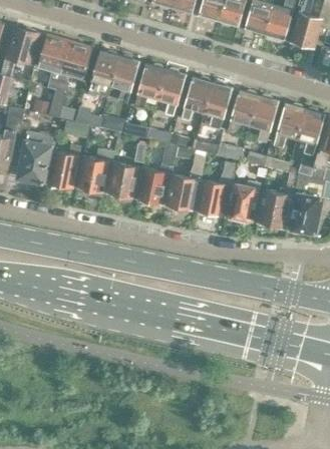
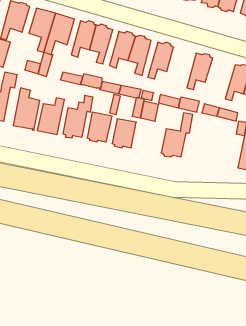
building: [204,81,232,129] -> none
building: [250,94,278,142] -> none
building: [167,154,206,209] -> none
building: [227,178,259,220] -> none
building: [258,187,291,228] -> none

